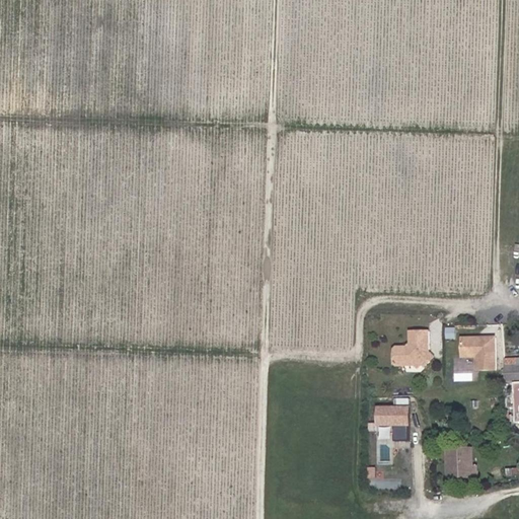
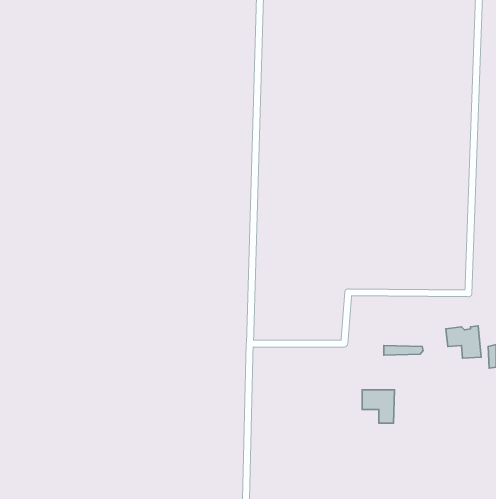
building: [395,335,435,357] -> none
building: [445,448,473,473] -> none

